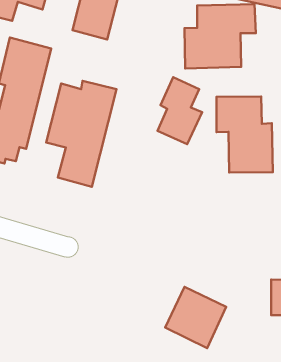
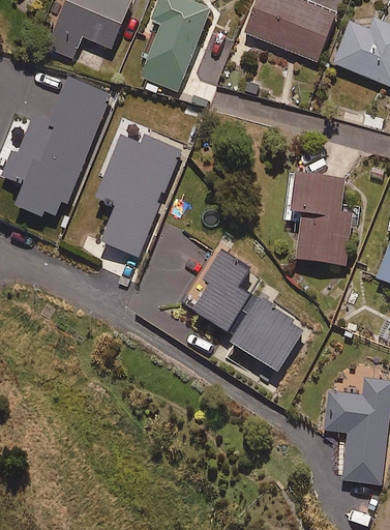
building: [184,4,256,68] -> none
building: [157,77,202,144] -> [196,251,249,329]
building: [165,287,226,348] -> [232,298,304,372]

